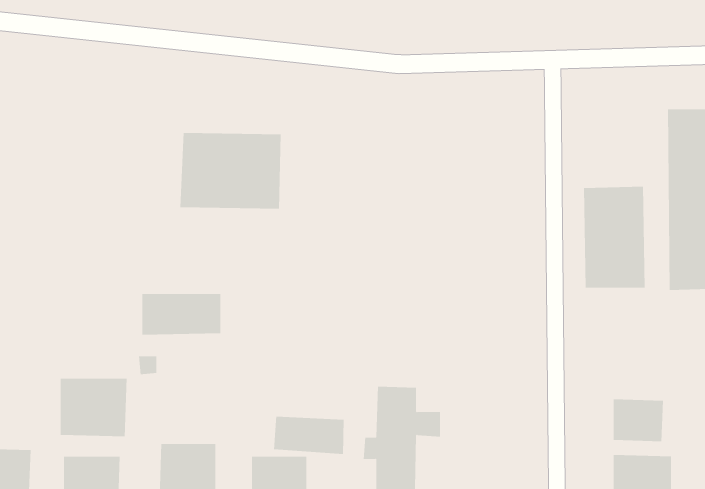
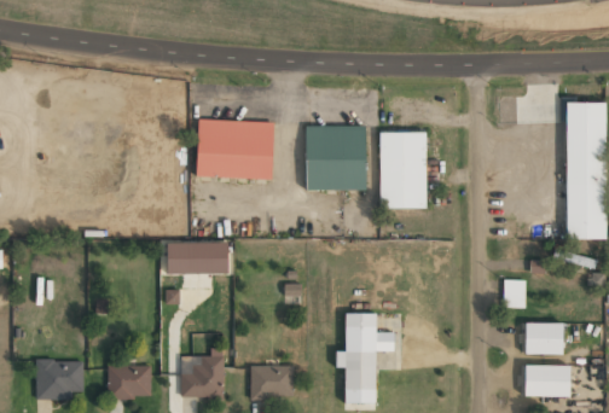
building: none -> [306,124,365,190]
building: [583,186,645,288] -> [378,130,425,208]
building: none -> [503,279,526,307]
building: [60,378,127,437] -> none
building: [274,416,344,455] -> none

